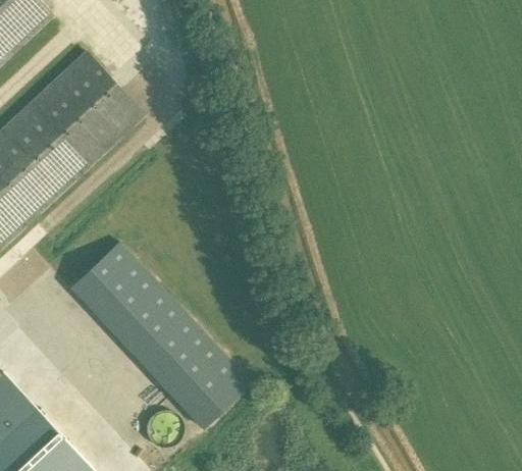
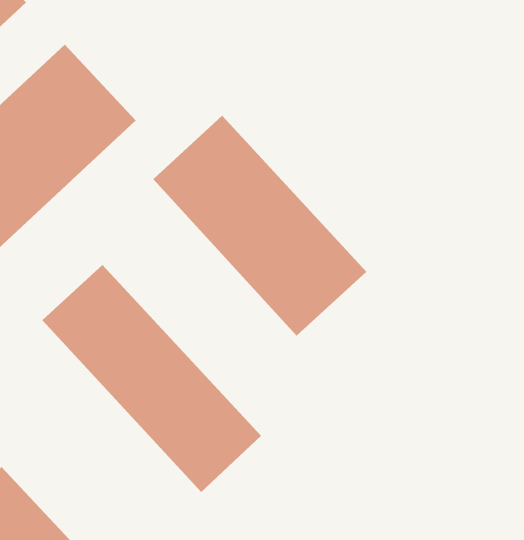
building: none -> [153,115,367,336]

